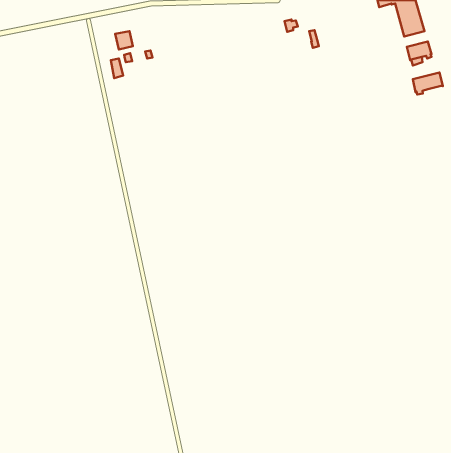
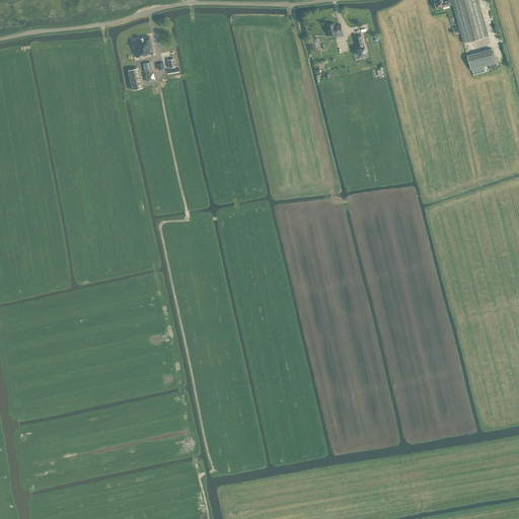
building: [413,73,443,94] -> none

